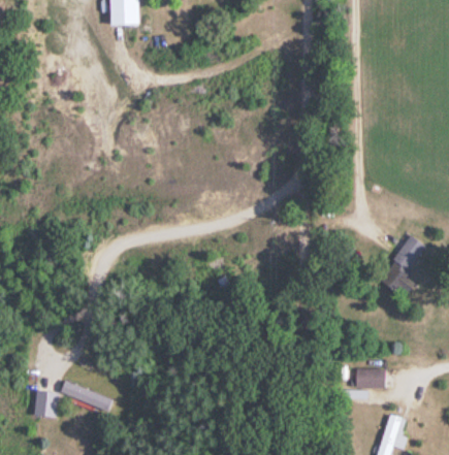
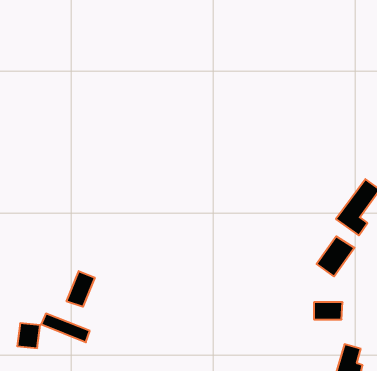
building: none -> [317,236,355,276]
building: none -> [67,271,95,307]

